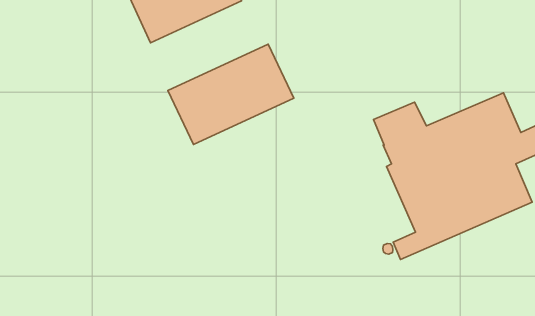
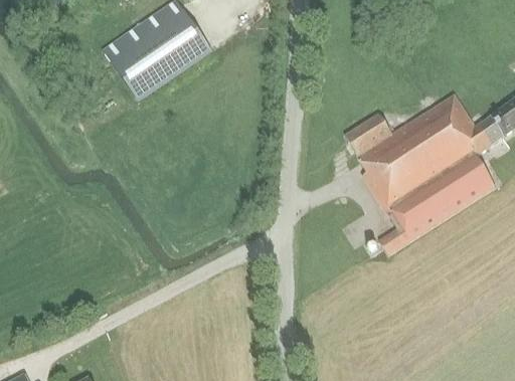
building: [168,44,294,144] -> none

